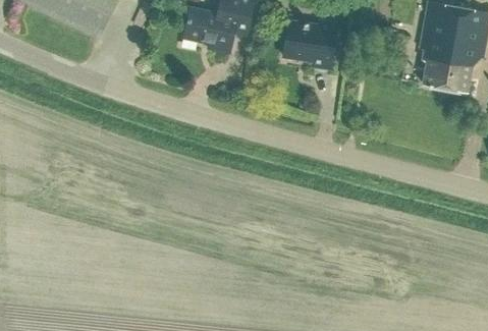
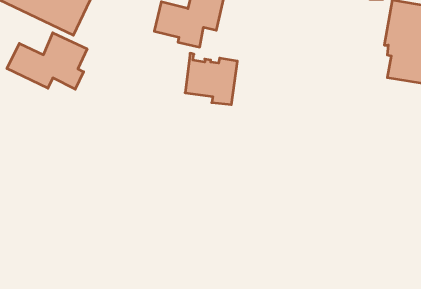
building: [283,14,337,67] -> [185,53,237,105]
building: none -> [7,33,87,89]

